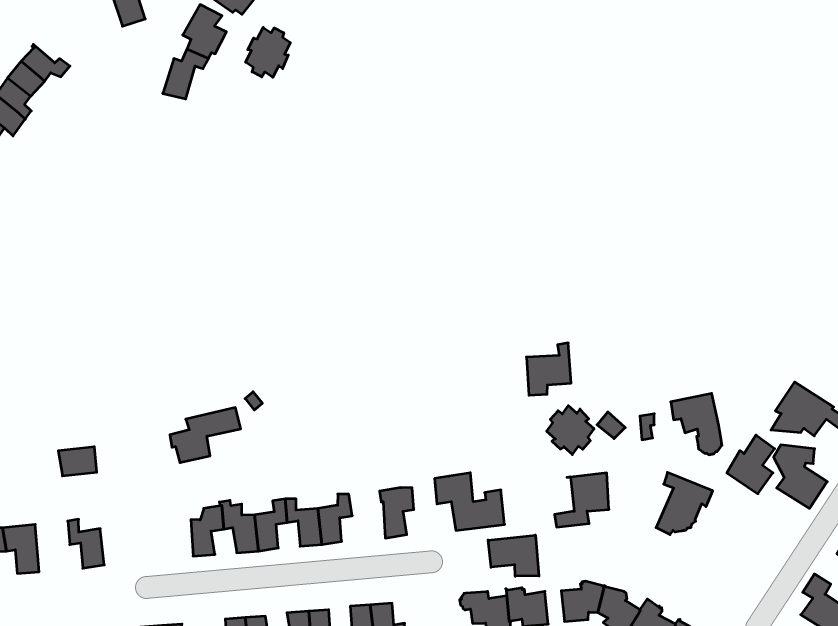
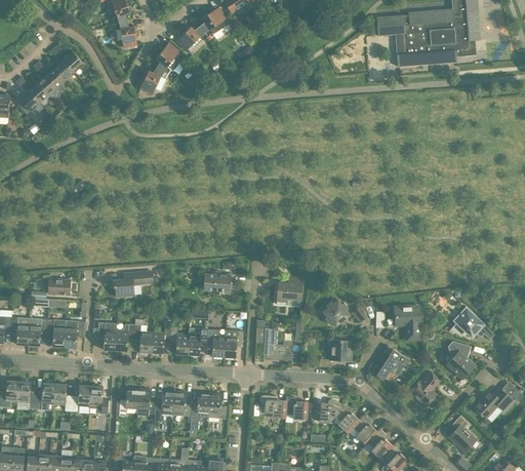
building: [246,27,290,77] -> none
building: [526,343,571,395] -> [275,278,301,305]
building: none -> [202,271,230,295]
building: [727,435,775,494] -> [409,372,438,405]
building: none -> [206,329,225,357]
building: none -> [96,322,116,350]
building: none -> [64,320,83,348]
building: none -> [27,318,47,346]
building: [488,535,539,576] -> none

